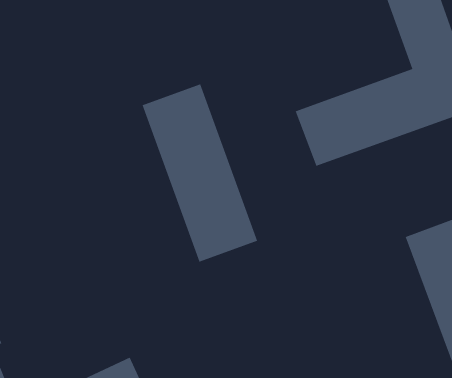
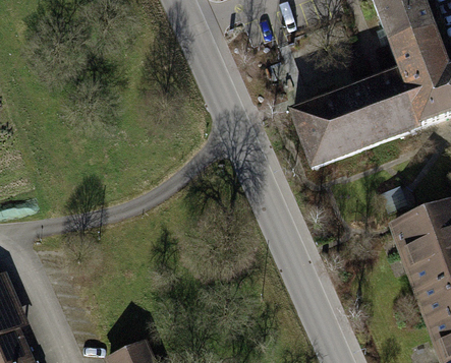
building: [142,83,258,263] -> none

